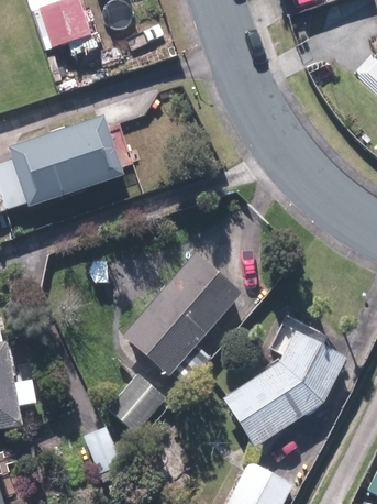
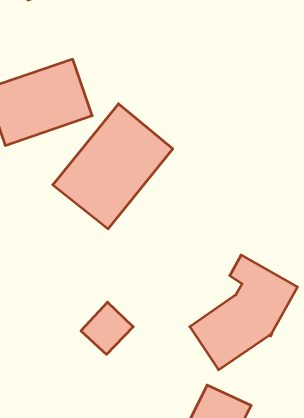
building: [126,251,255,385] -> [53,104,173,229]

